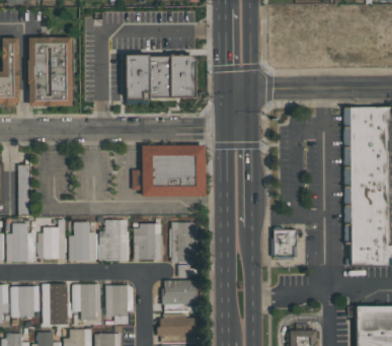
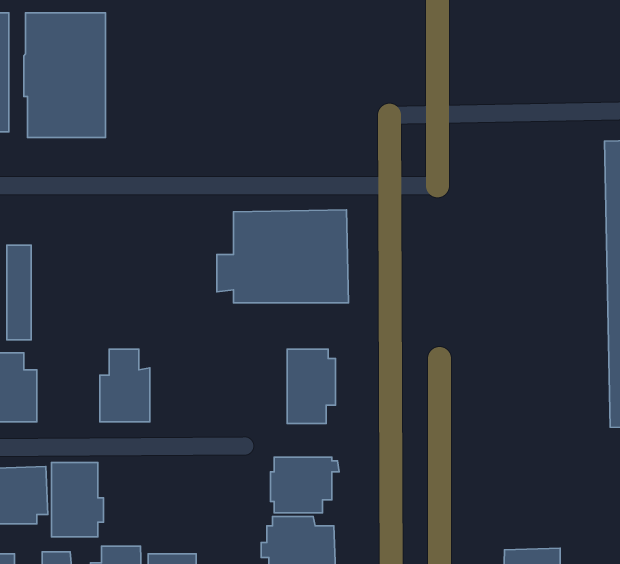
building: [125,54,197,100] -> none
building: [37,219,65,258] -> none
building: [99,219,128,261] -> none
building: [134,223,161,259] -> none
building: [273,229,300,261] -> none
building: [74,284,100,320] -> none
building: [105,285,133,324] -> none

